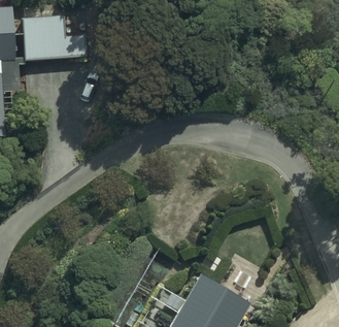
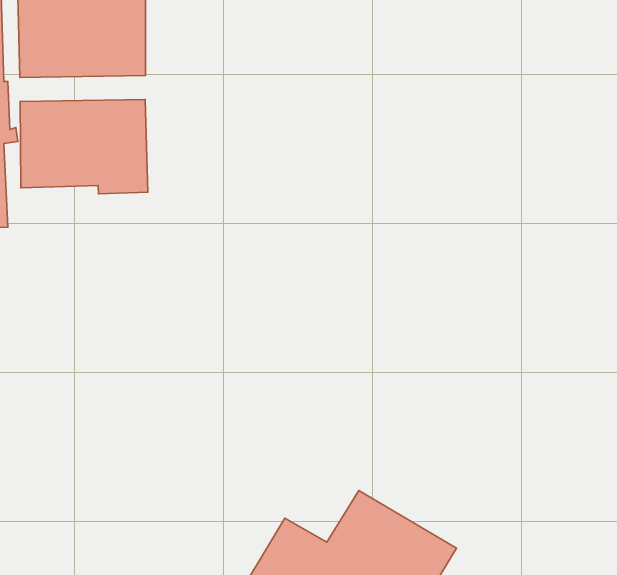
building: none -> [20,99,148,194]

